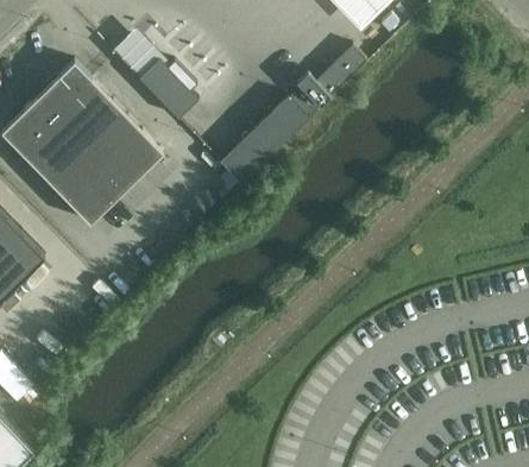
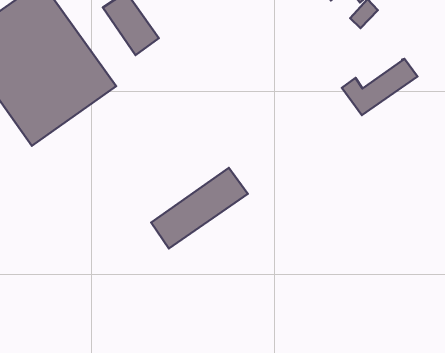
building: [296,44,369,106] -> [342,59,418,115]
building: [220,94,310,182] -> [151,168,248,248]

